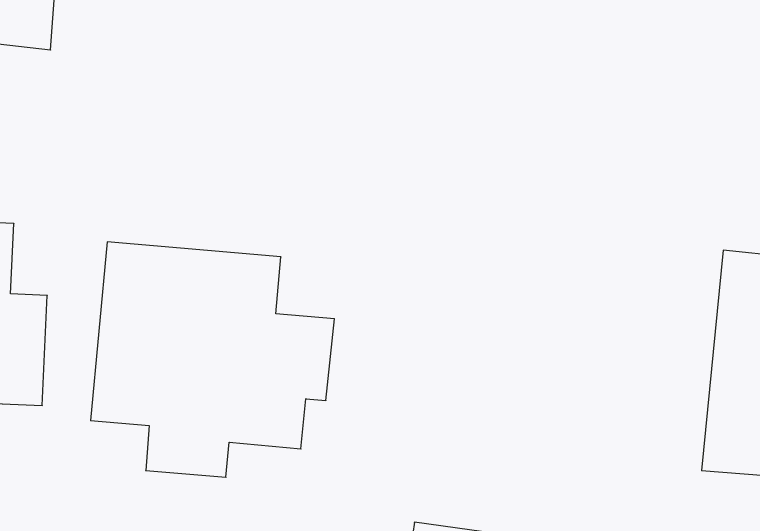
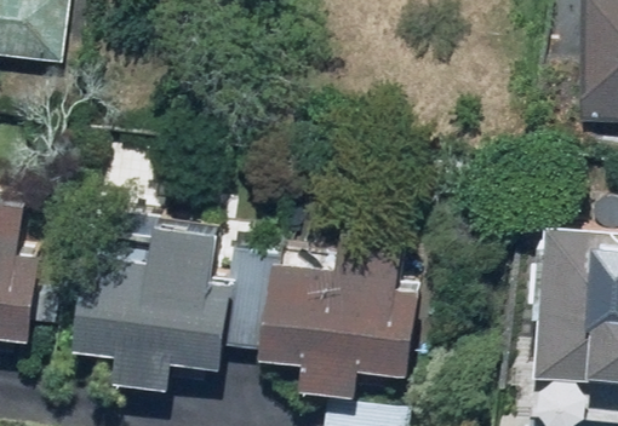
building: none -> [293,221,425,375]

